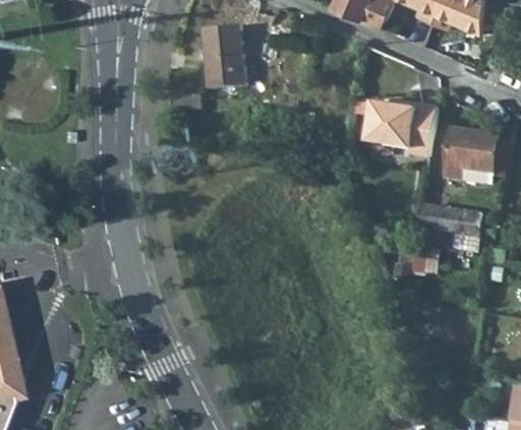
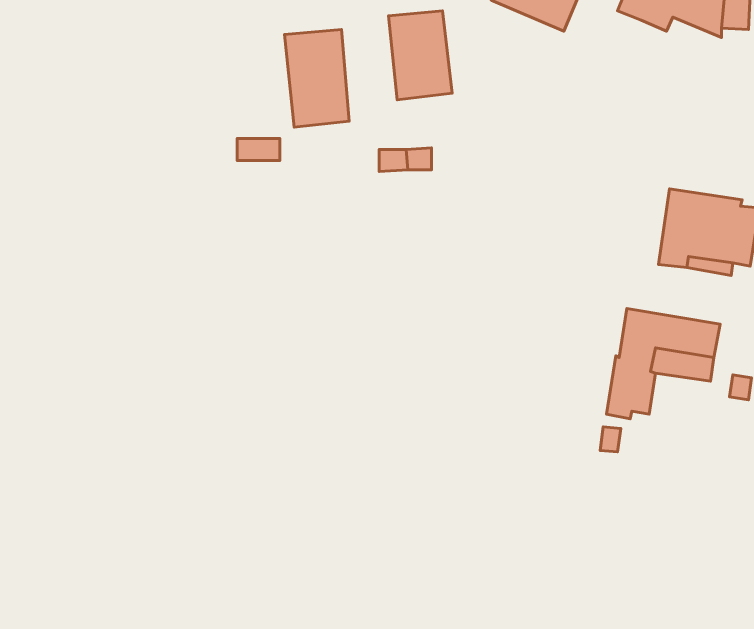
building: none -> [389,11,452,100]
building: [367,100,438,157] -> none

